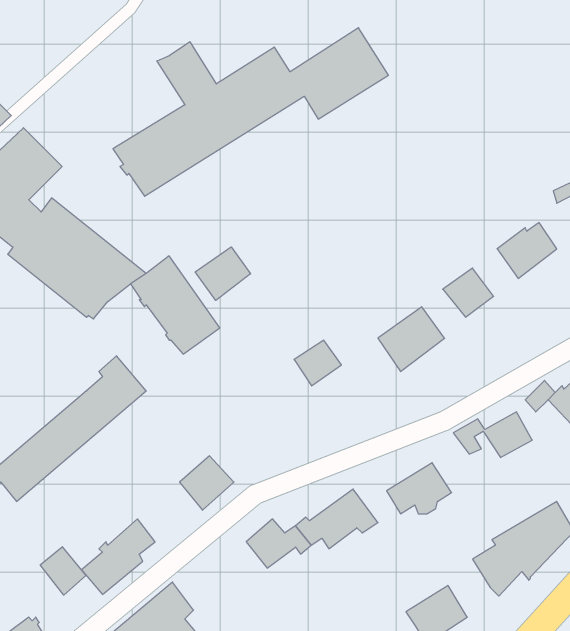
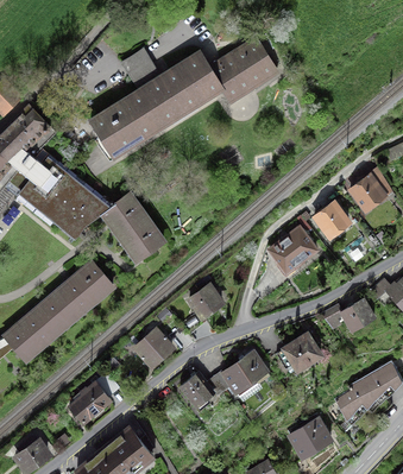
building: [195,247,251,300] -> none
building: [294,340,341,386] -> [189,285,221,316]
building: [40,547,86,595] -> none

